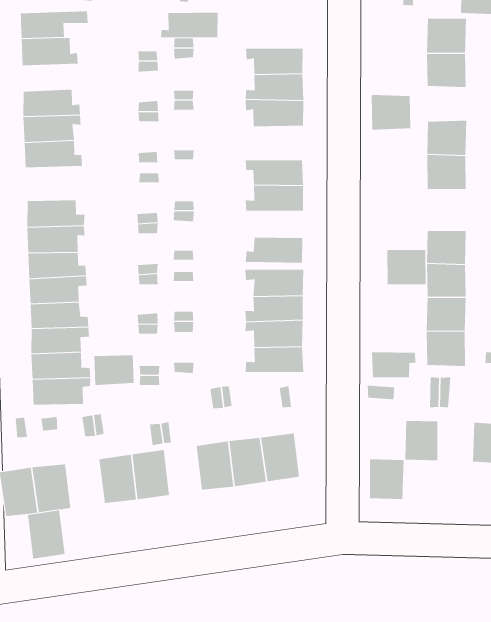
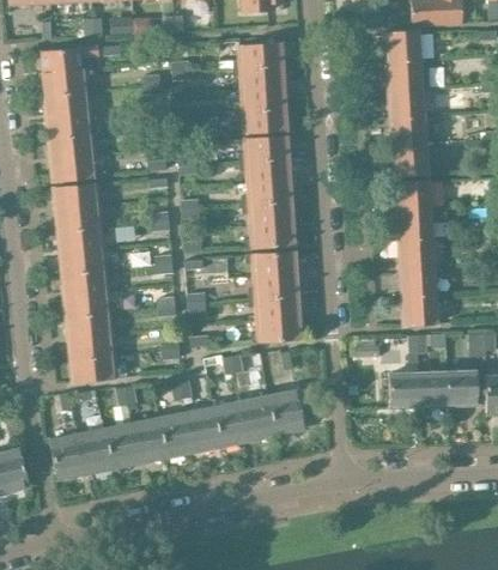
building: [160,12,219,38] -> [232,43,281,68]
building: none -> [44,91,93,117]
building: [371,95,411,130] -> [388,89,424,120]
building: none -> [238,137,287,163]
building: none -> [54,183,103,210]
building: none -> [242,202,292,228]
building: [386,249,426,285] -> [394,180,430,212]
building: [372,352,416,378] -> none
building: [94,355,134,386] -> none
building: none -> [187,407,220,450]
building: [369,459,404,500] -> [417,371,448,406]
building: [27,510,65,559] -> [104,424,139,467]

